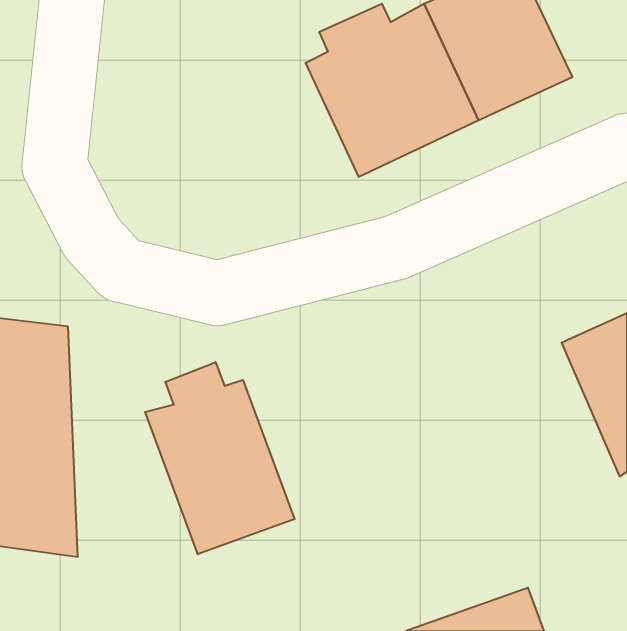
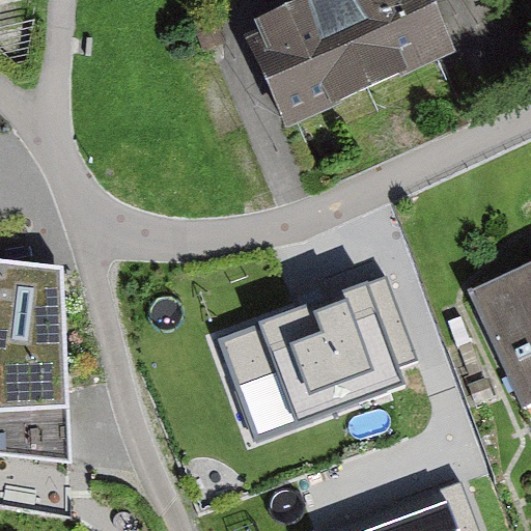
building: none -> [217,272,406,434]
building: [145,362,295,554] -> none

